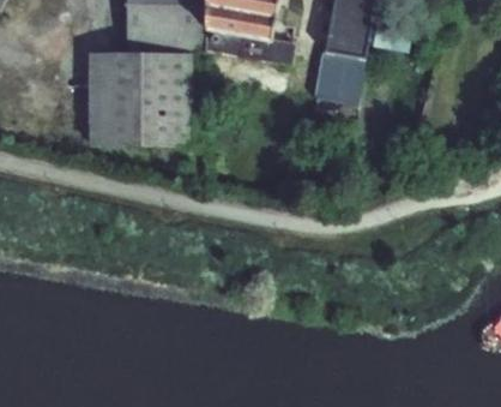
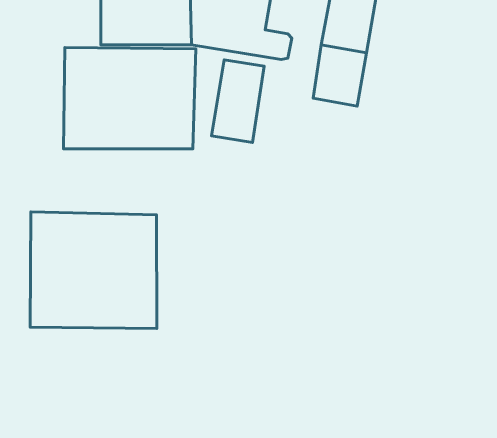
building: none -> [211,60,264,142]
building: none -> [30,212,157,328]

